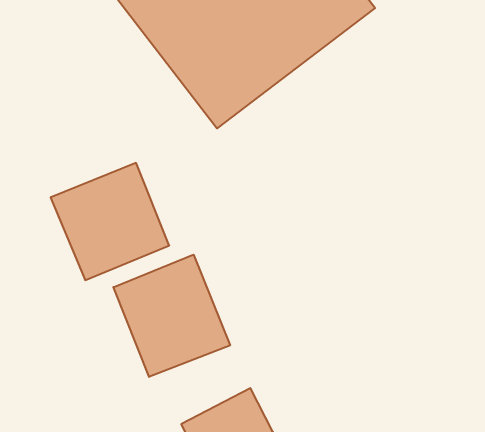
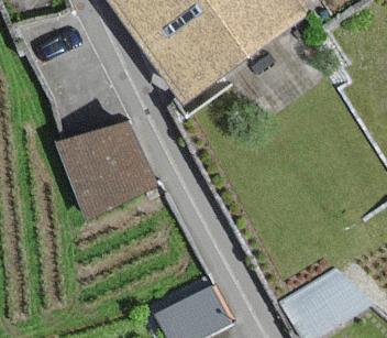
building: [113,255,230,377] -> none

